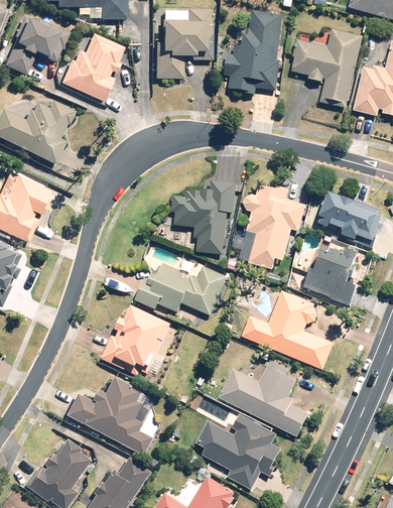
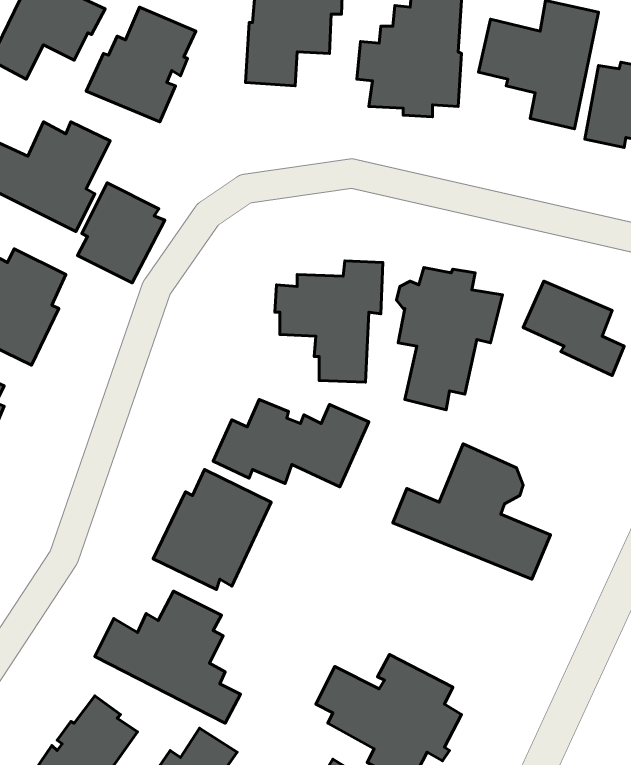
building: none -> [77,183,165,283]
building: [303,242,360,305] -> none
building: [219,359,309,436] -> none

